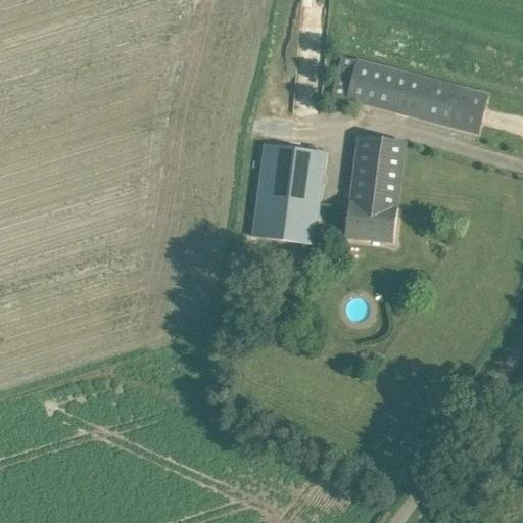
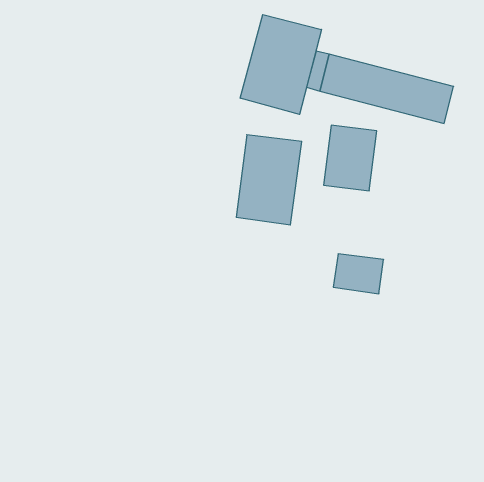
building: none -> [240,15,321,114]
building: [343,199,397,242] -> [333,254,384,294]

